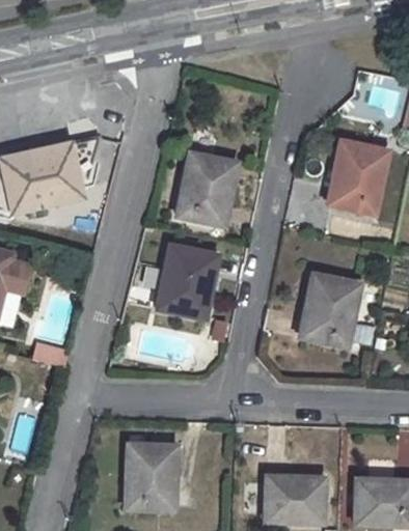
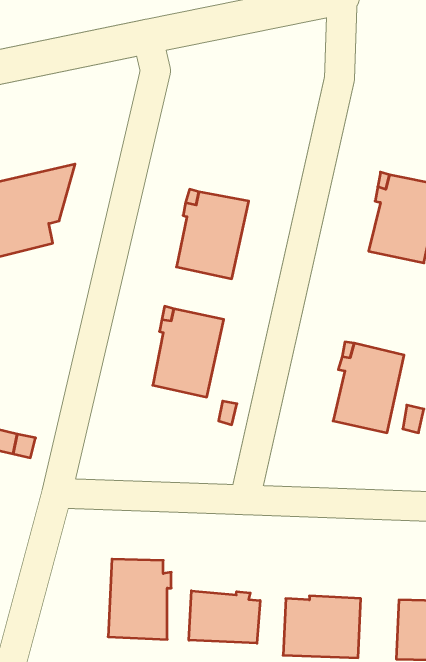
building: none -> [189,591,260,643]

